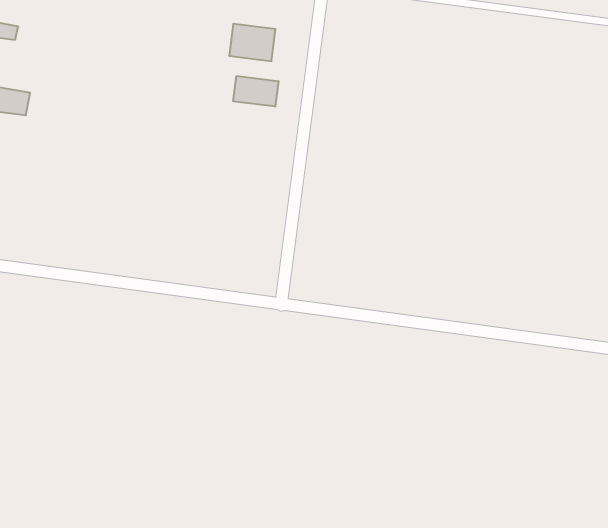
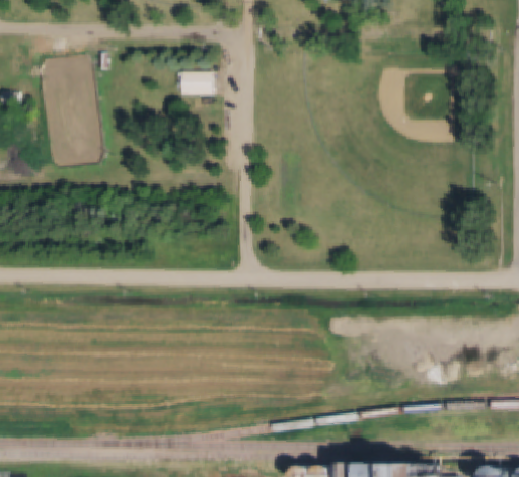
building: [233,76,278,107] -> none

